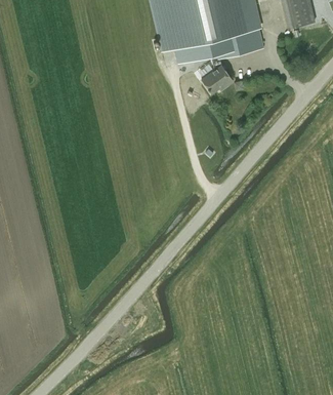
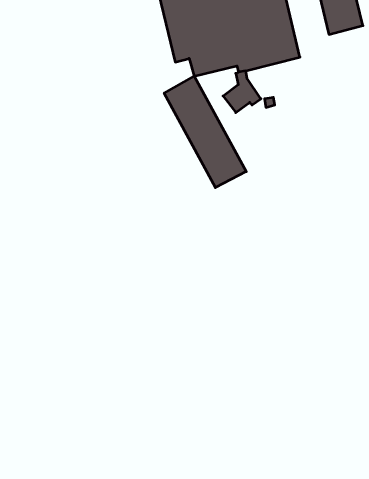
building: none -> [164,76,246,188]

